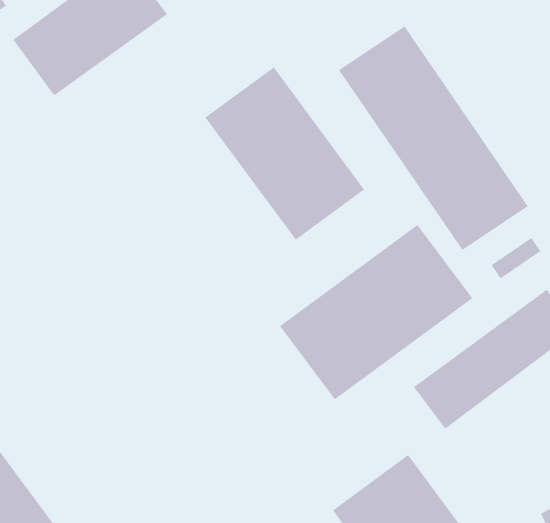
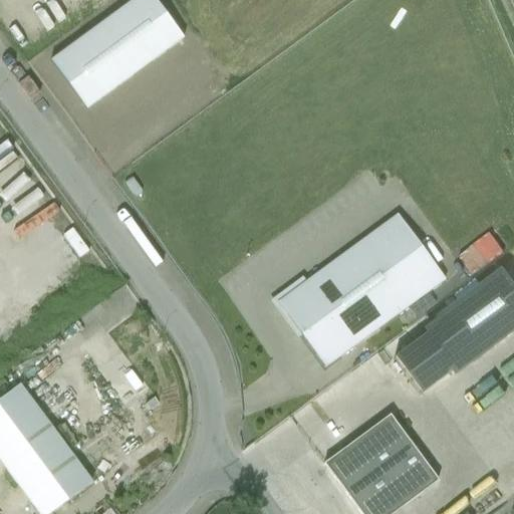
building: [338,25,529,251] -> none
building: [205,67,365,240] -> none

